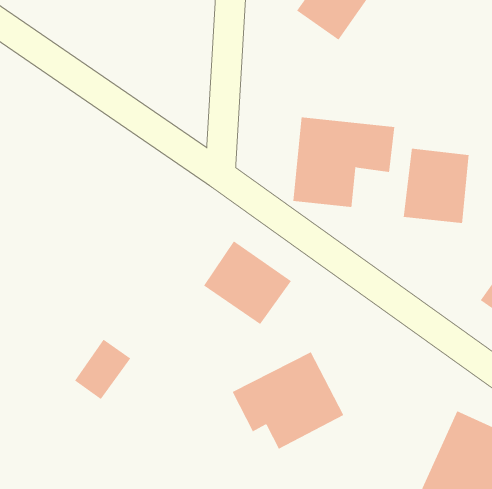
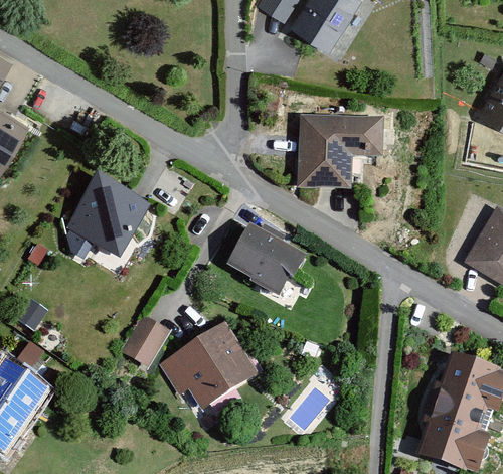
building: [403,148,469,224] -> none
building: none -> [63,171,151,258]
building: [232,351,344,449] -> [159,321,257,407]

